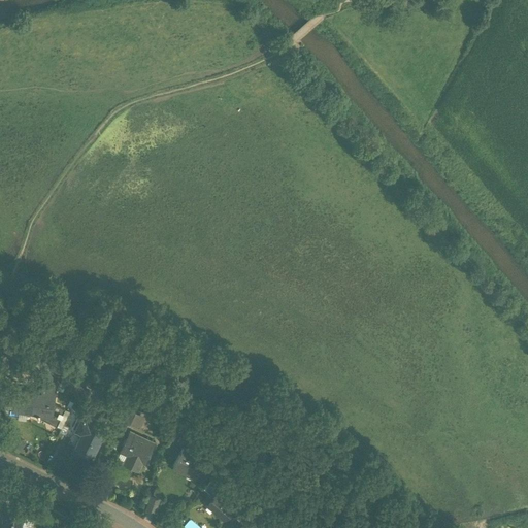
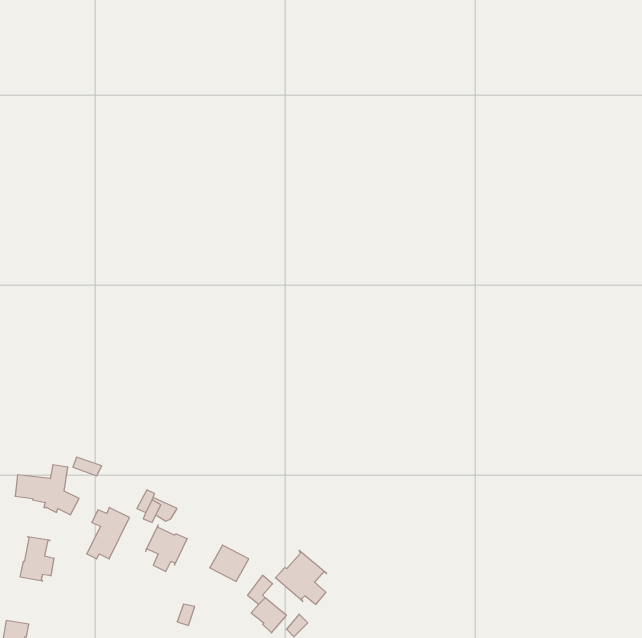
building: none -> [20,537,54,581]
building: none -> [275,550,327,605]

